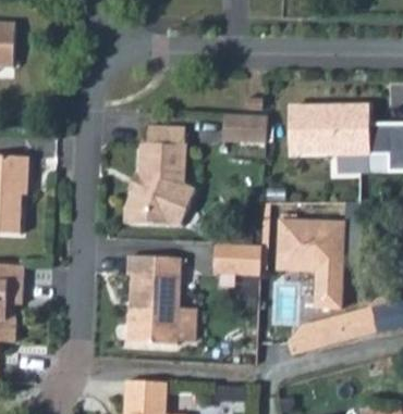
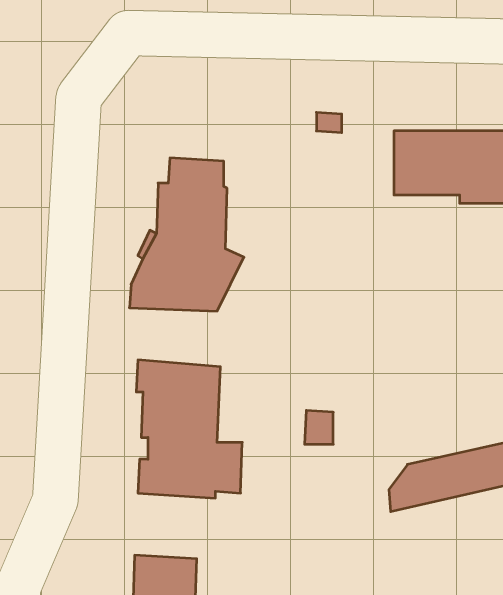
building: [219,113,264,142] -> none
building: [276,218,343,309] -> none
building: [211,243,259,275] -> none

